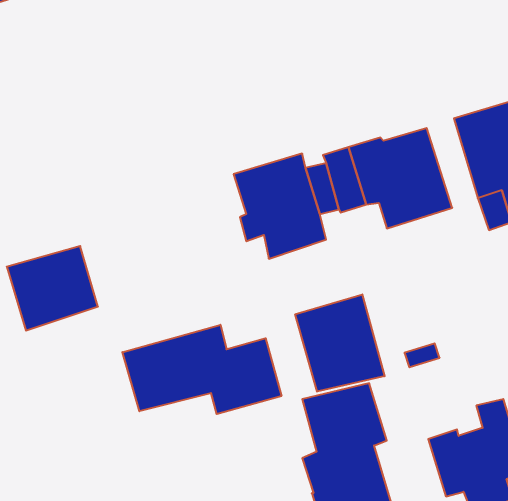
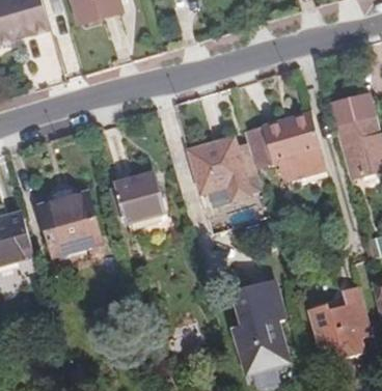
building: none -> [117,171,165,219]
building: [295,294,385,392] -> none
building: [122,325,281,414] -> none

